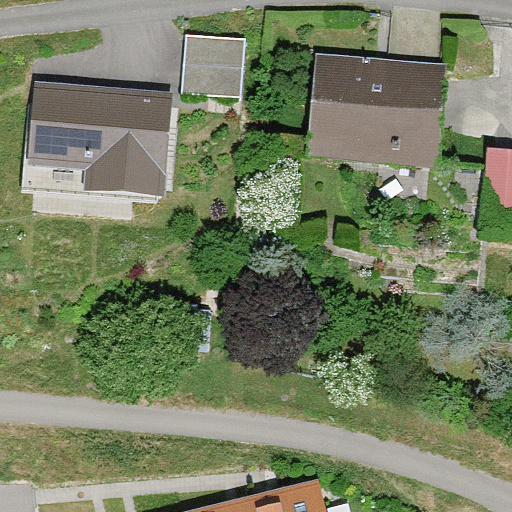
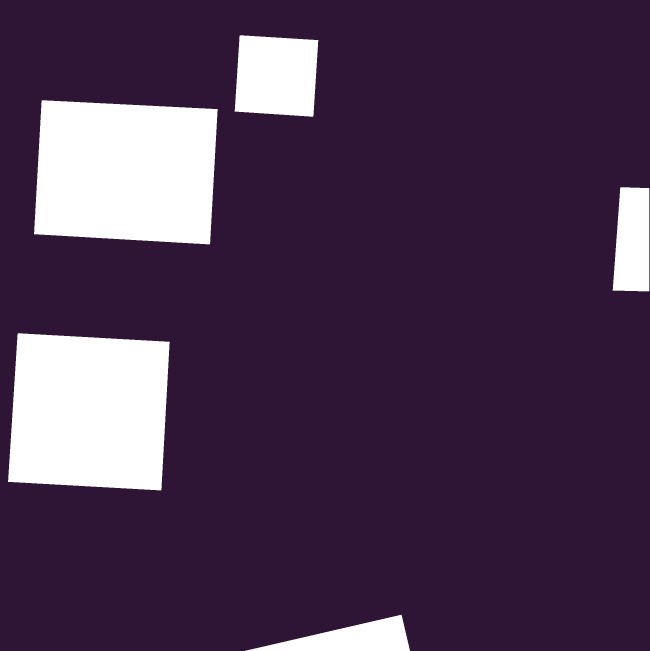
building: [304,60,445,167] -> none
building: none -> [7,333,170,491]

